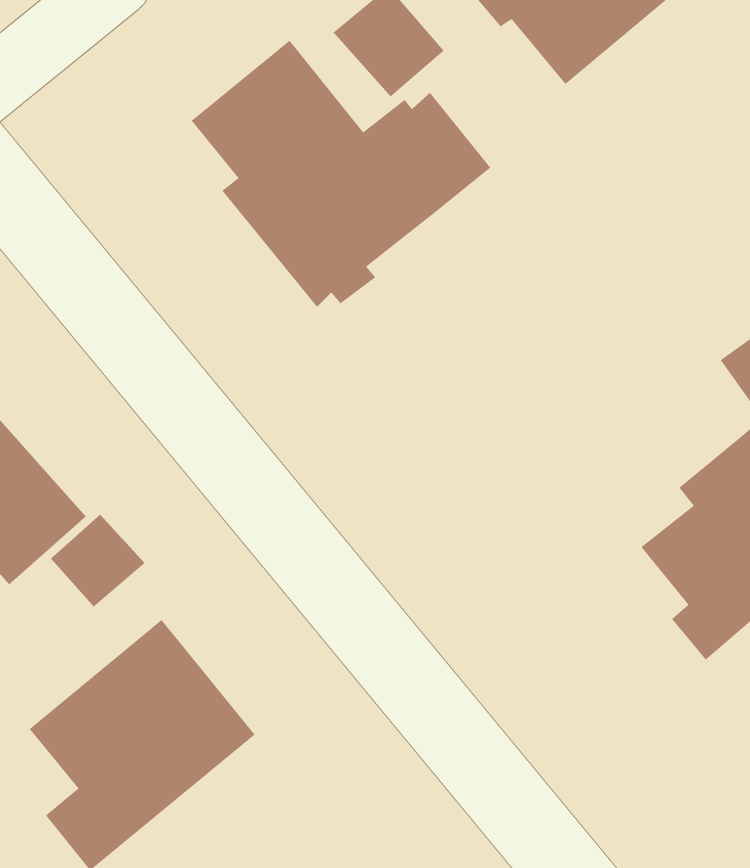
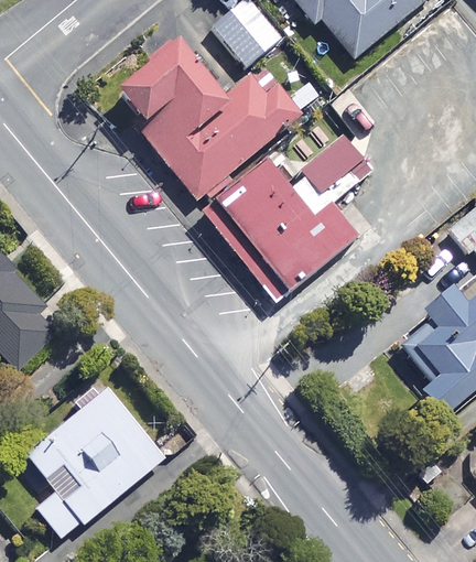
building: none -> [204,132,376,301]
building: [50,514,145,608] -> none

